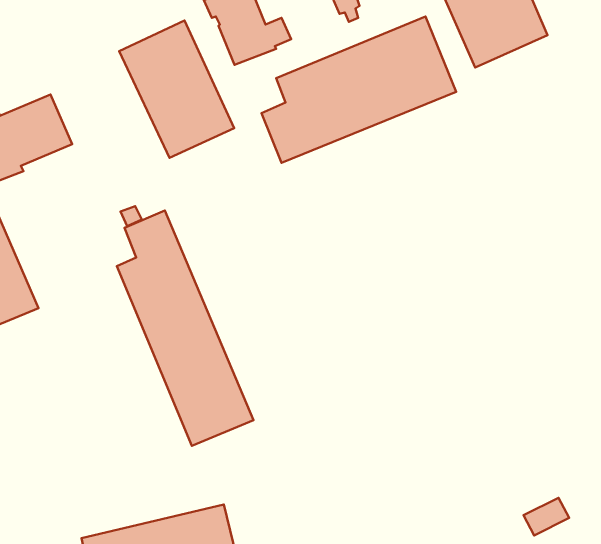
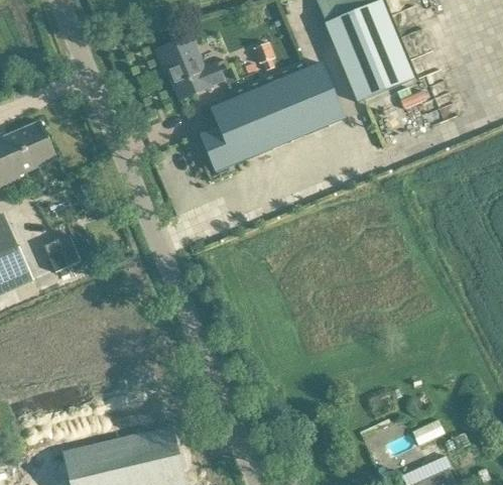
building: [119,21,234,158] -> none
building: [117,211,253,446] -> none
building: none -> [42,234,80,271]

